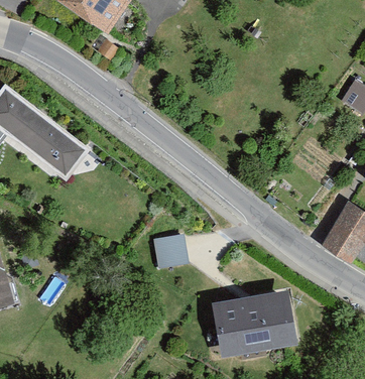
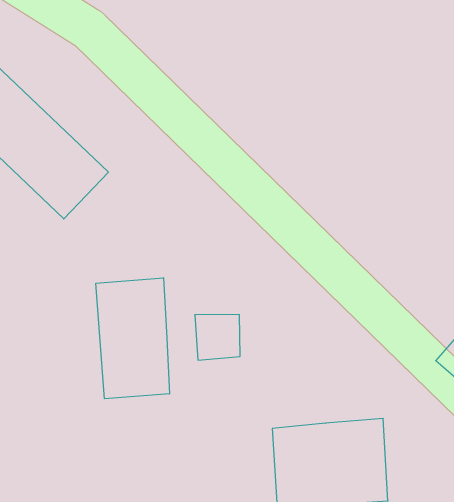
building: none -> [96,278,169,399]

